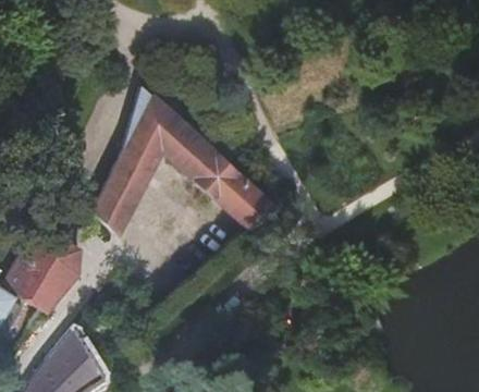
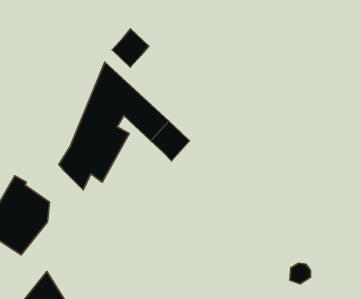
building: none -> [112,29,149,67]
building: [221,179,279,231] -> none

